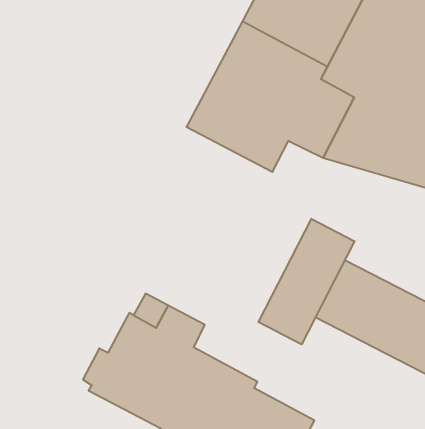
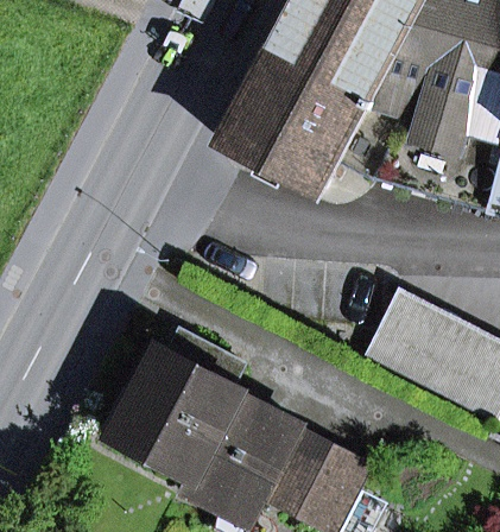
building: [258,219,354,344] -> none

